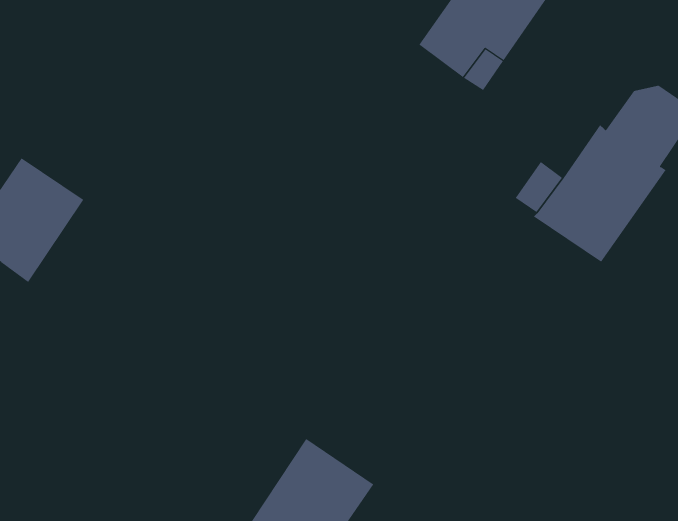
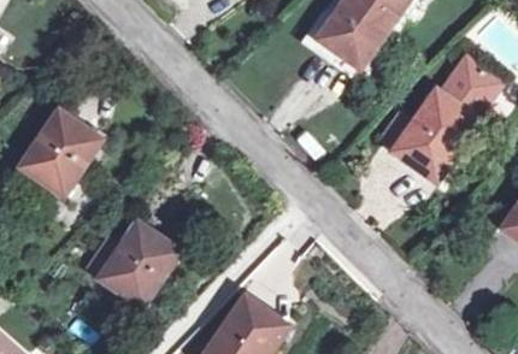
building: none -> [100,222,181,306]

